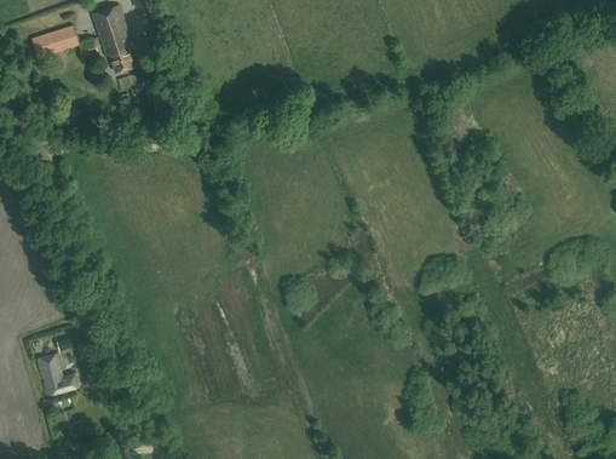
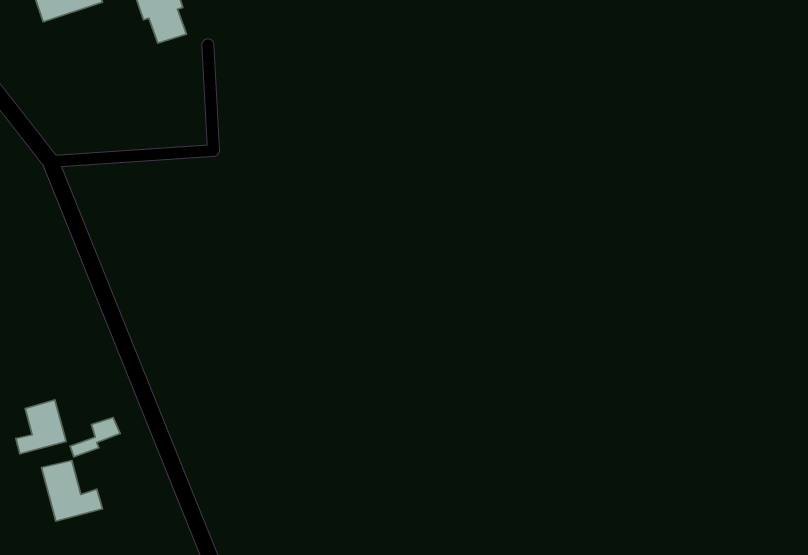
building: none -> [16,400,66,454]

